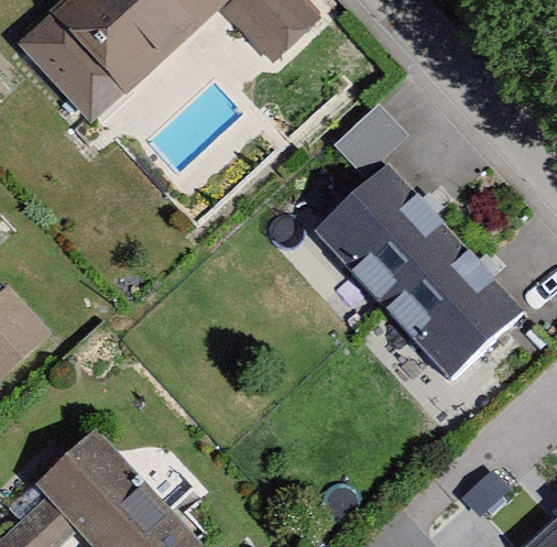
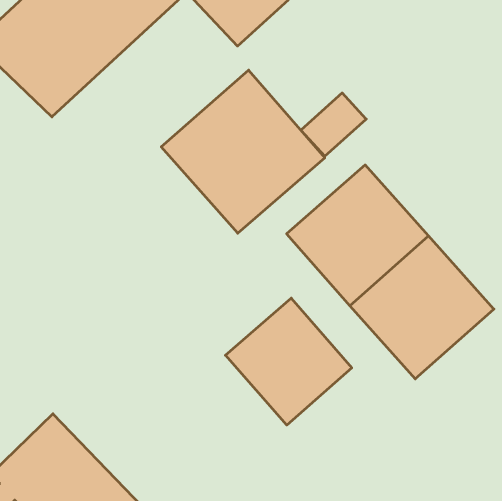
building: none -> [161,70,325,233]
building: none -> [225,298,352,425]

